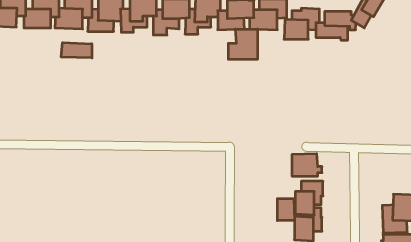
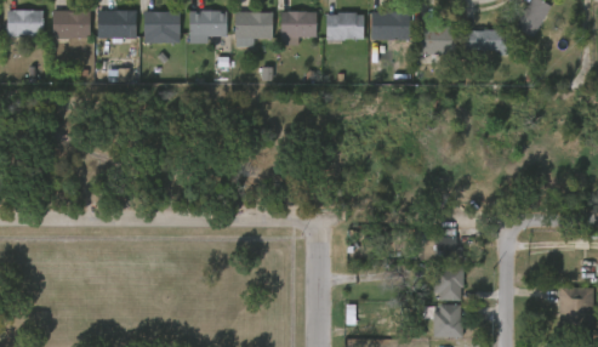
building: [228,29,257,59] -> none
building: [61,43,92,58] -> none
building: [277,199,294,221] -> none

